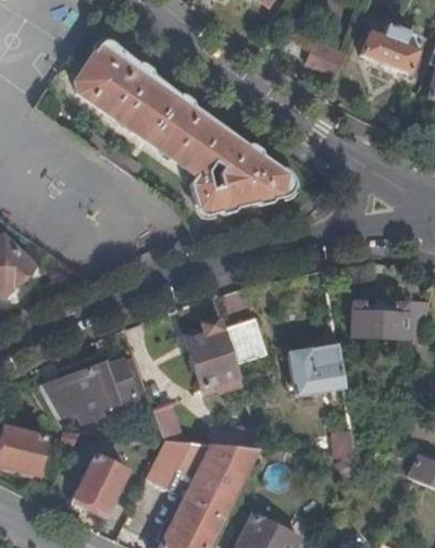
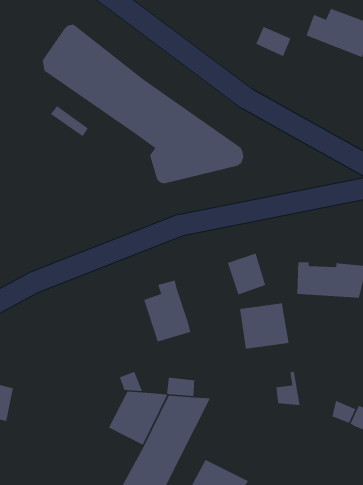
building: [223,316,265,363] -> [227,252,266,296]
building: [41,354,147,422] -> none
building: [75,454,127,510] -> none

